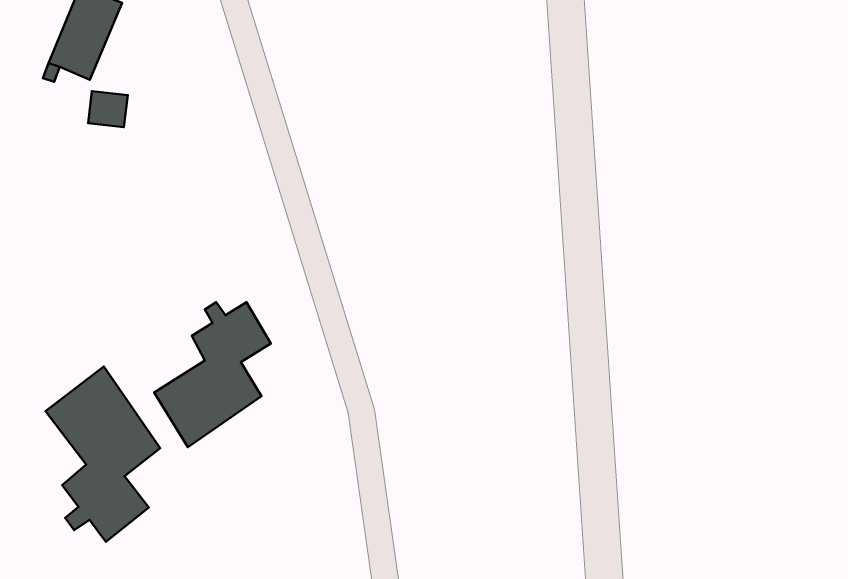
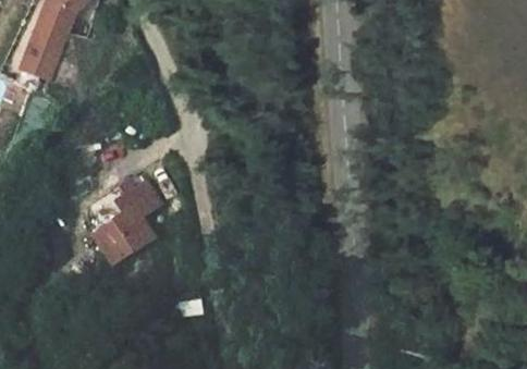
building: [46,367,160,542] -> none

